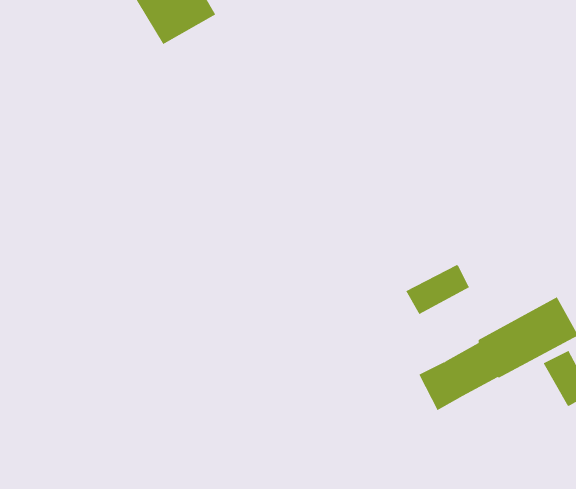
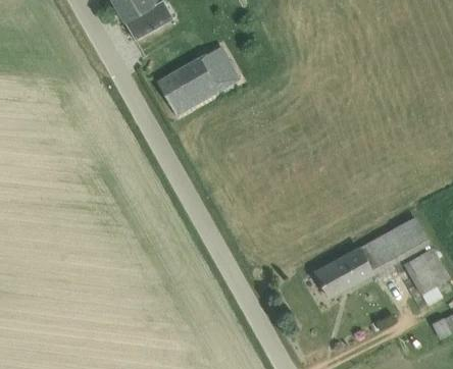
building: none -> [158,47,241,115]
building: [405,264,470,315] -> none

